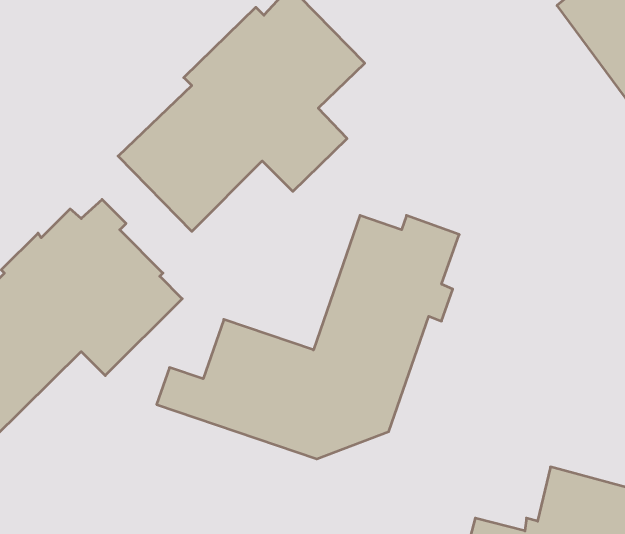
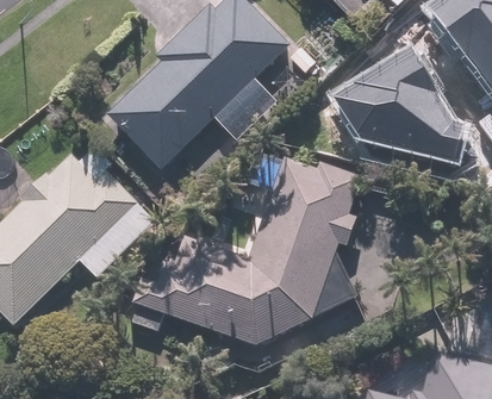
building: none -> [334,50,461,160]

